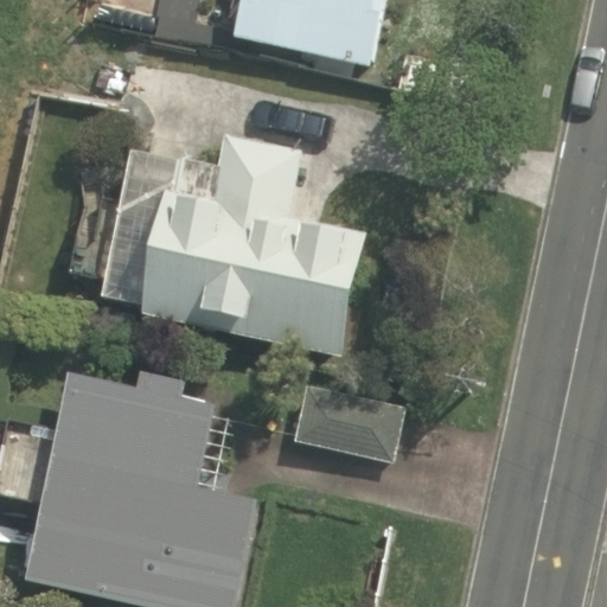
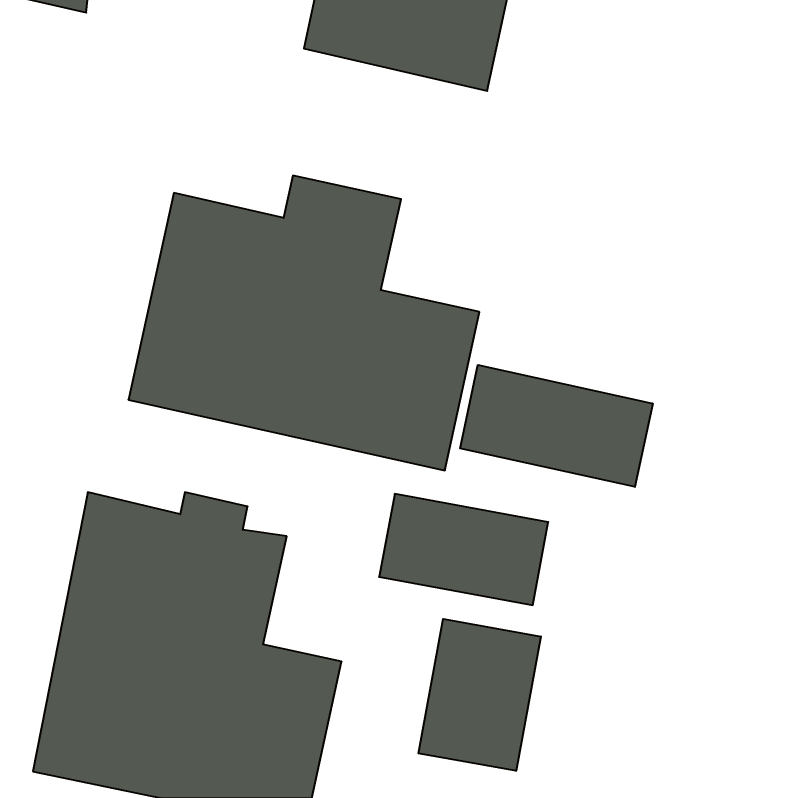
building: none -> [460,365,653,487]
building: none -> [418,619,541,771]

